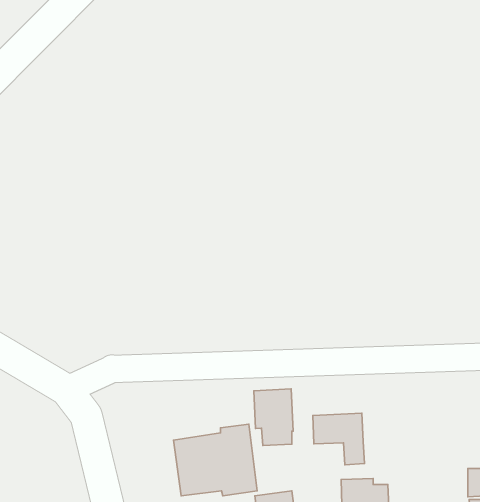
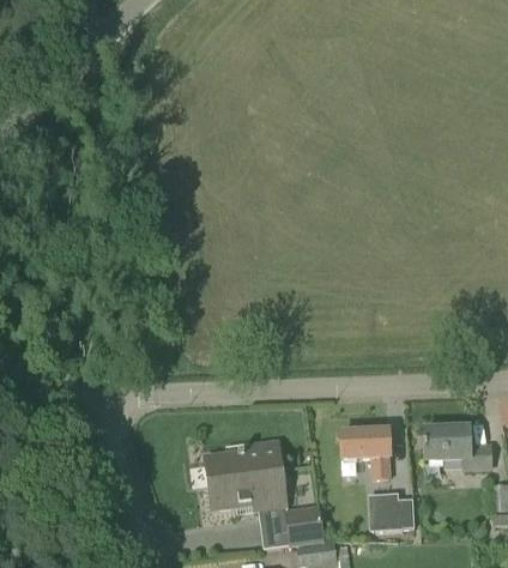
building: [254,389,293,445] -> none
building: none -> [423,427,492,470]

